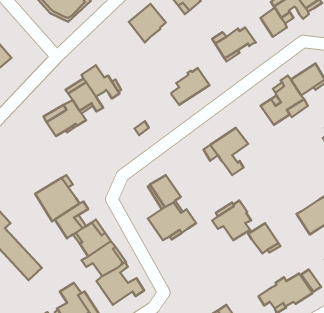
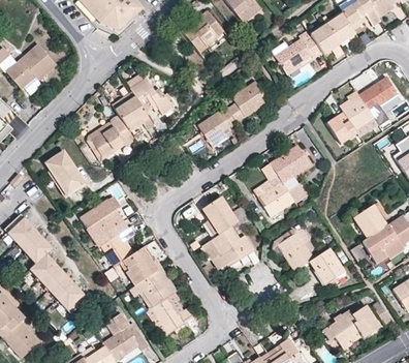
building: none -> [309,25,339,56]
building: none -> [199,109,239,146]
building: none -> [45,150,86,194]
building: none -> [259,181,295,214]
building: none -> [354,203,389,236]

